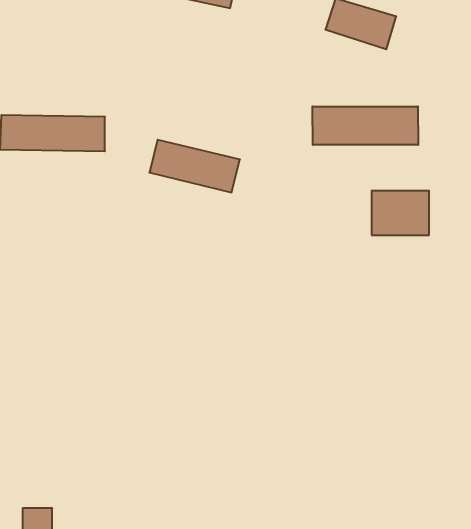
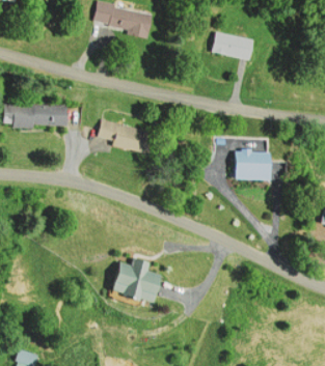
building: [312,106,418,145] -> none
building: none -> [112,256,166,305]

